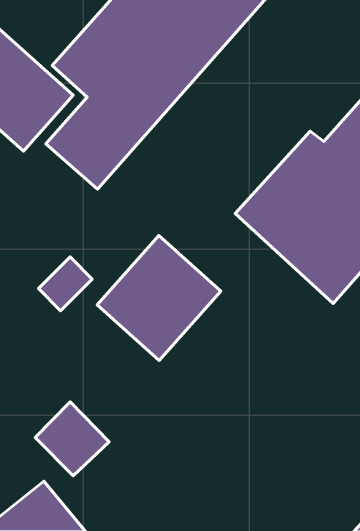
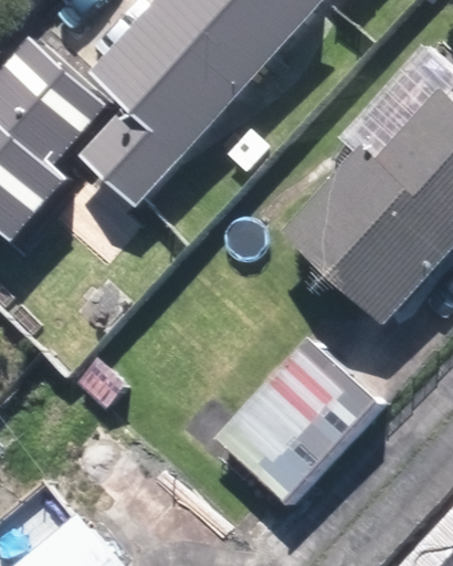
building: [97,236,221,360] -> none
building: none -> [215,338,378,504]

